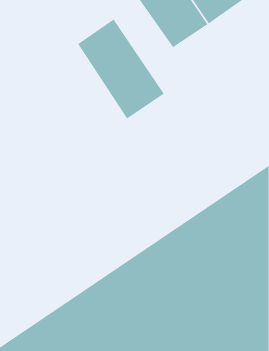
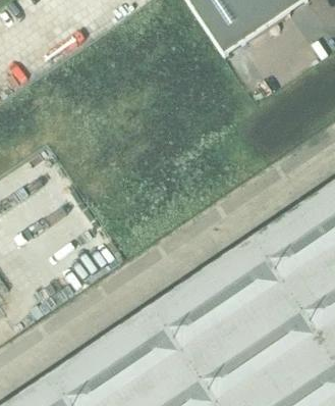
building: [77,19,165,120] -> none

